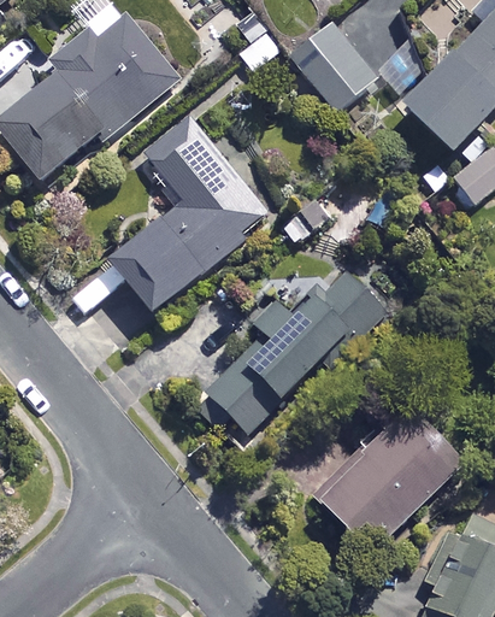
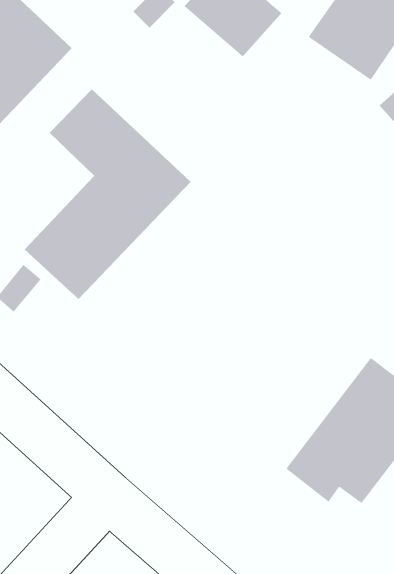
building: [205,270,393,434] -> none

